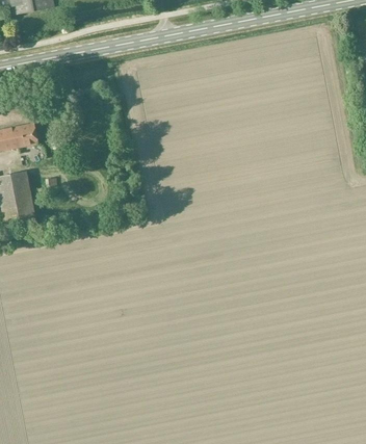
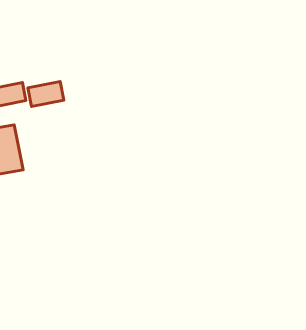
building: none -> [28,81,64,107]

